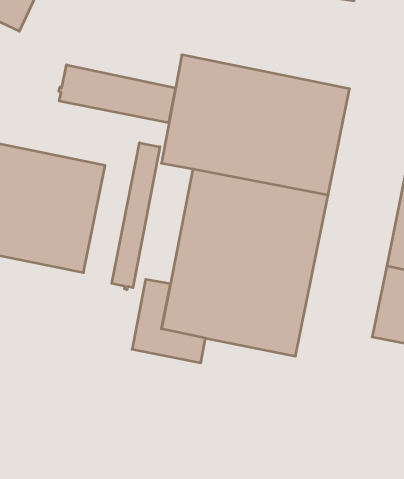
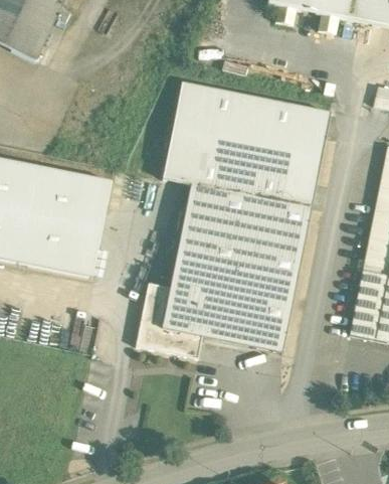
building: [59,65,175,123] -> none
building: [112,143,160,290] -> none

